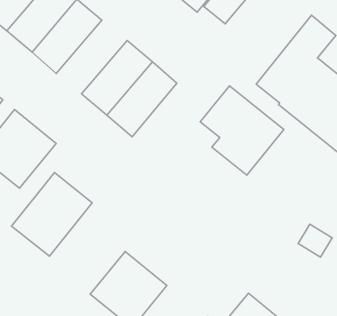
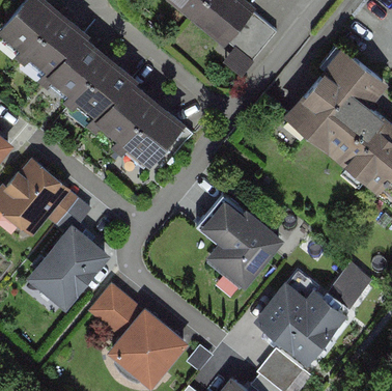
building: none -> [72,58,147,137]
building: [200,86,284,175] -> [194,192,283,287]
building: none -> [254,270,351,365]
building: none -> [88,285,139,335]

